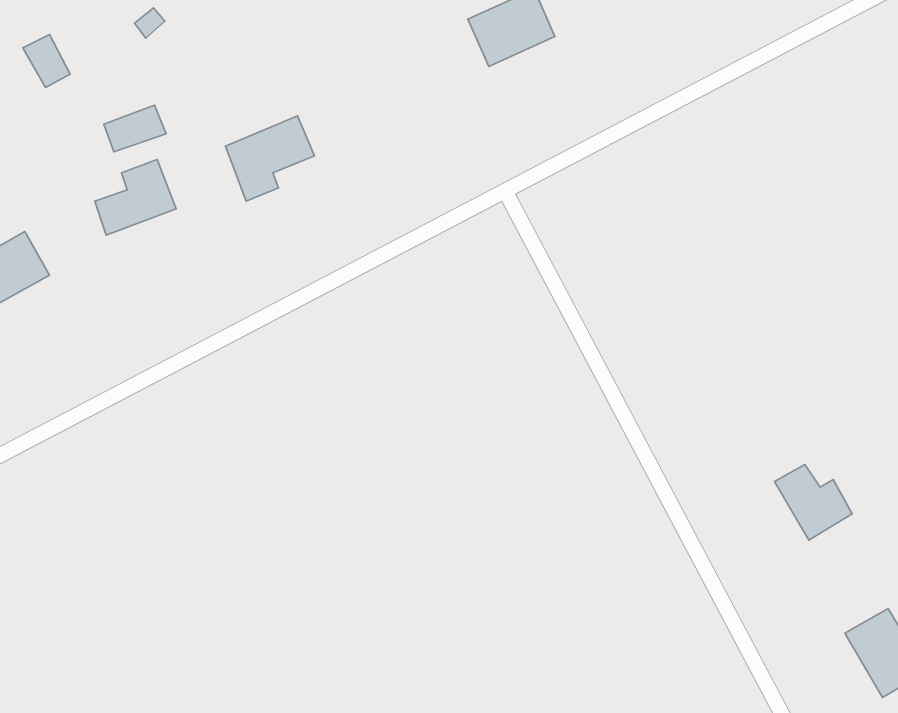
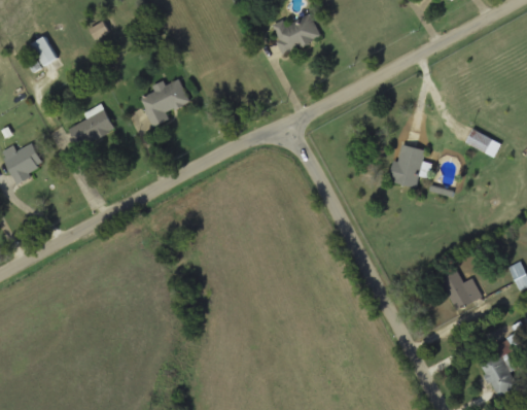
building: [104,105,166,152] -> none
building: none -> [465,129,501,157]
building: none -> [390,143,426,187]

